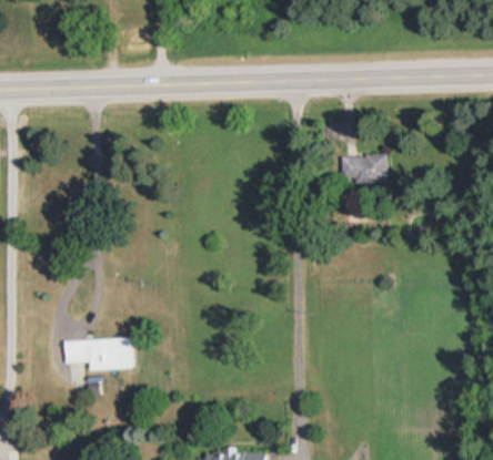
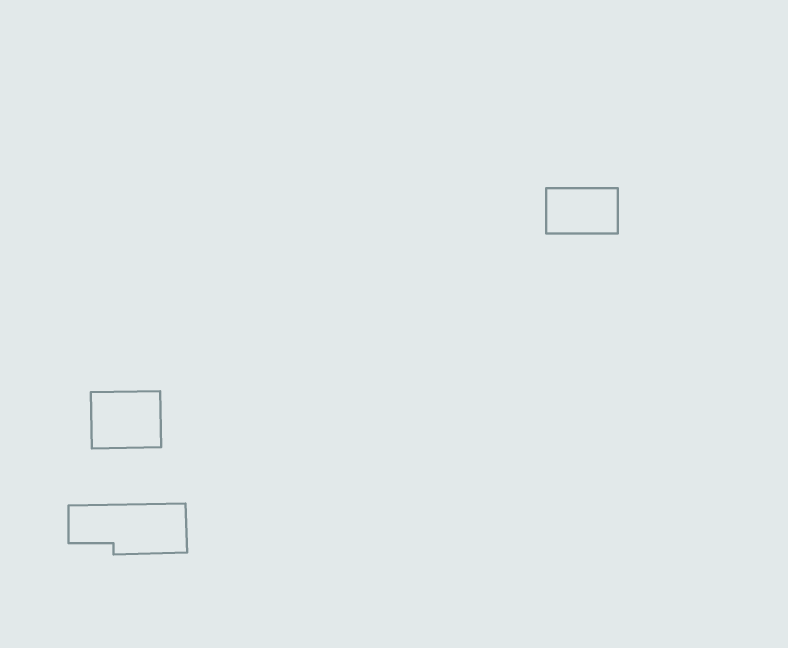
building: none -> [91,391,161,448]

